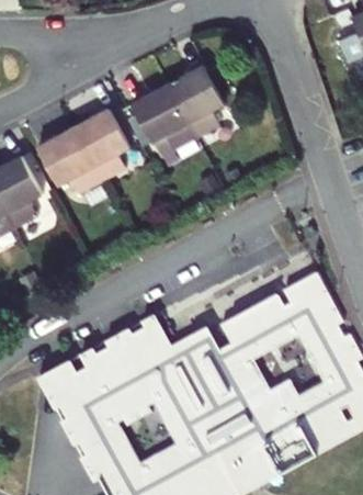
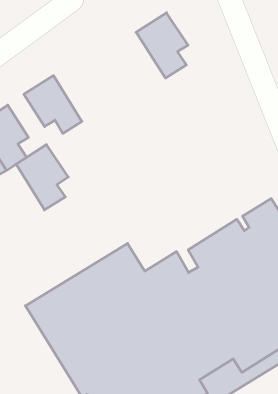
building: [138,81,204,154] -> none
building: [80,104,137,177] -> [16,145,68,210]

